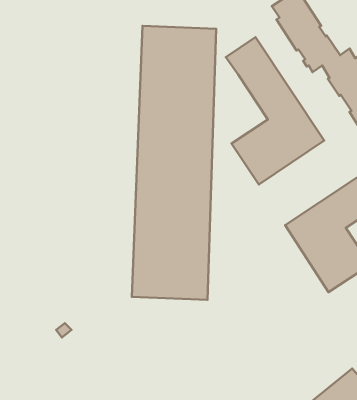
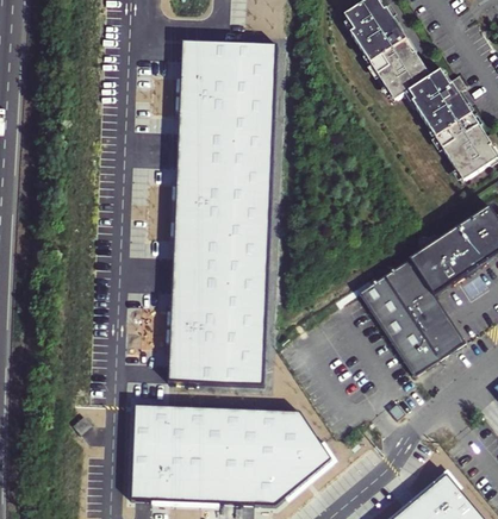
building: [226,37,324,185] -> none
building: none -> [130,402,331,504]

